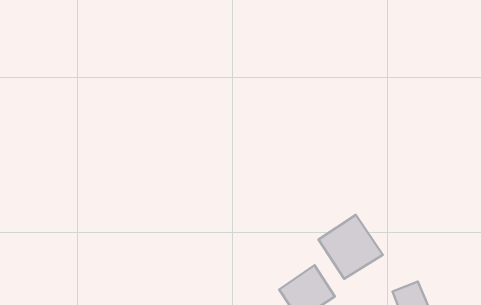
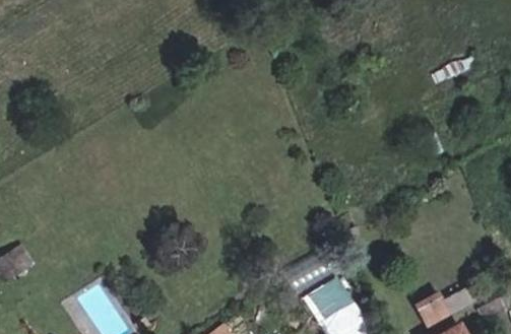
building: [319,215,383,279] -> none

